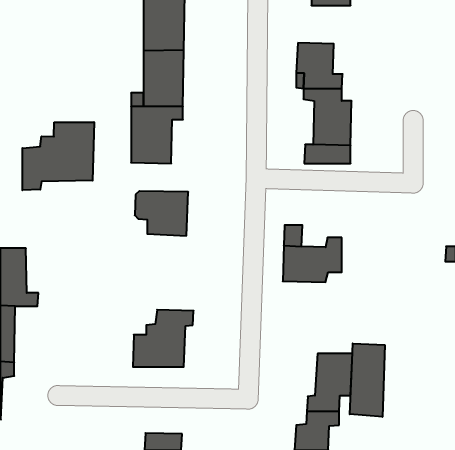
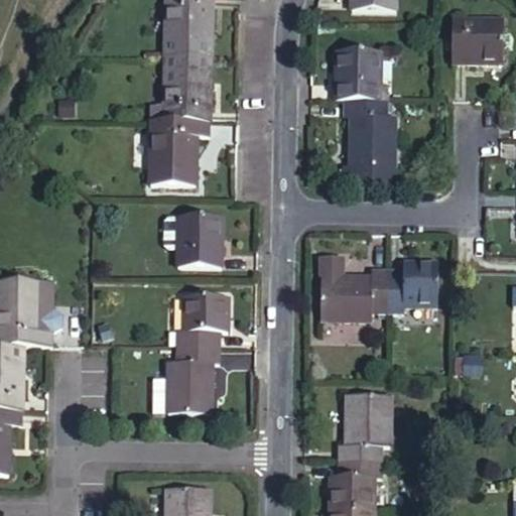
building: none -> [453,20,505,61]
building: [22,122,94,190] -> none
building: none -> [387,257,439,307]
building: none -> [30,280,52,331]
building: none -> [178,300,237,351]
building: [350,343,385,417] -> none

